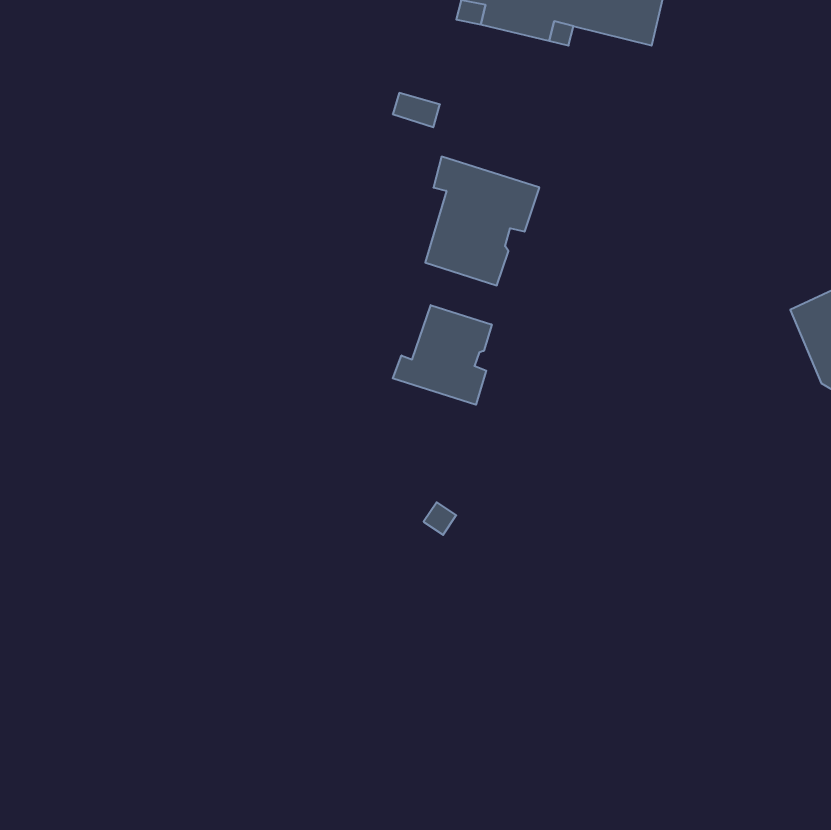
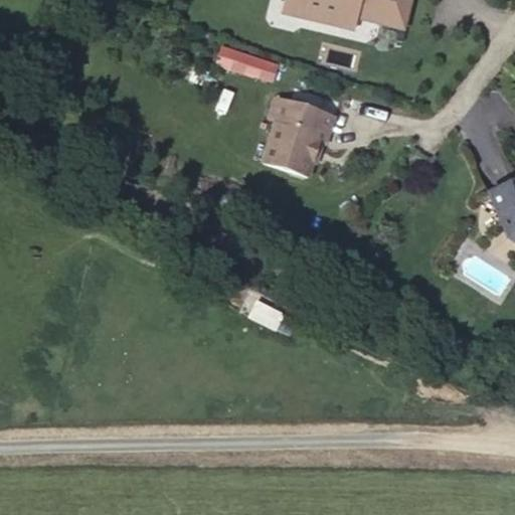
building: [393,305,492,405] -> none

